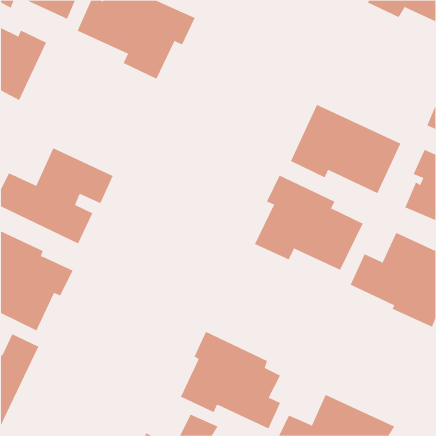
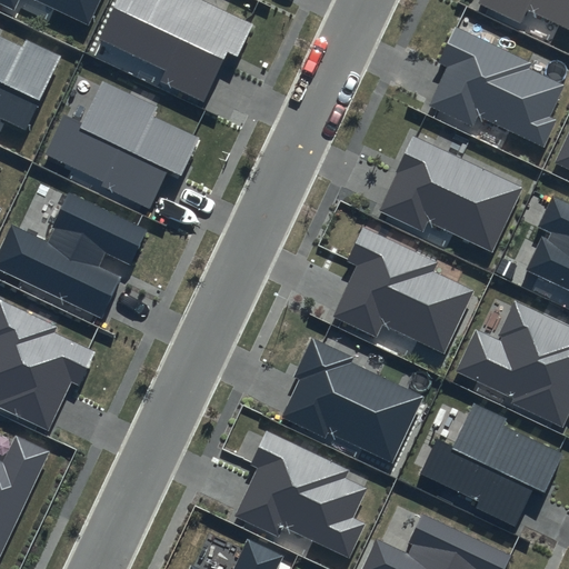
building: none -> [428,28,563,148]
building: none -> [44,81,198,209]
building: none -> [279,337,422,461]
building: none -> [420,403,563,528]

